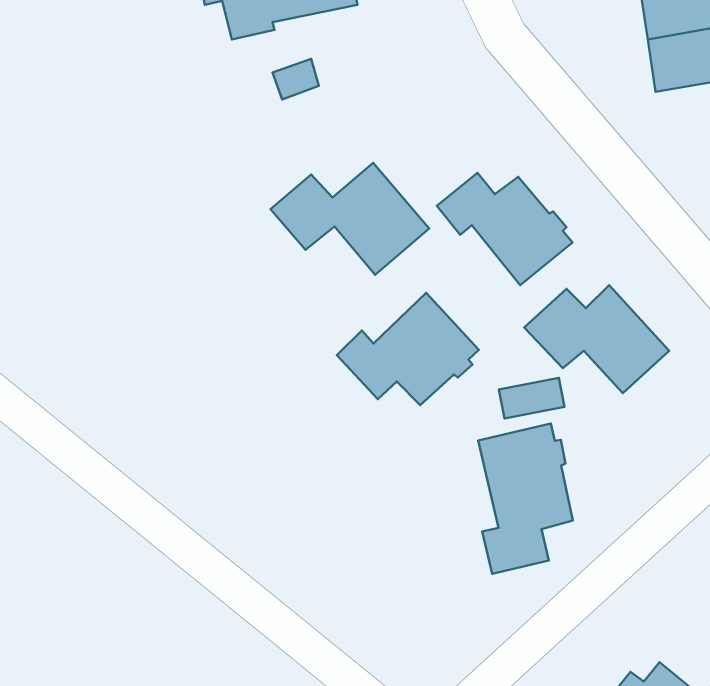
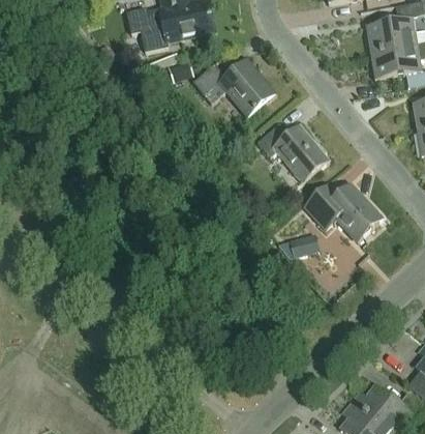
building: [271,163,429,275] -> [191,57,276,117]
building: [337,293,479,405] -> none
building: [478,423,573,574] -> none

